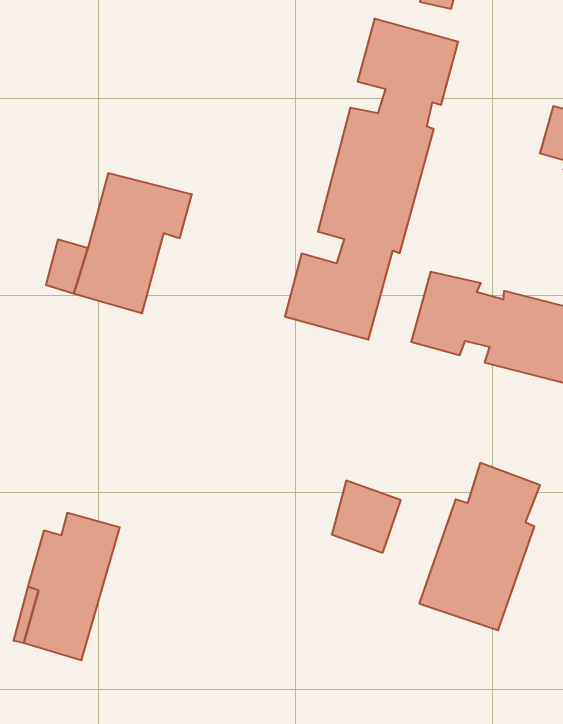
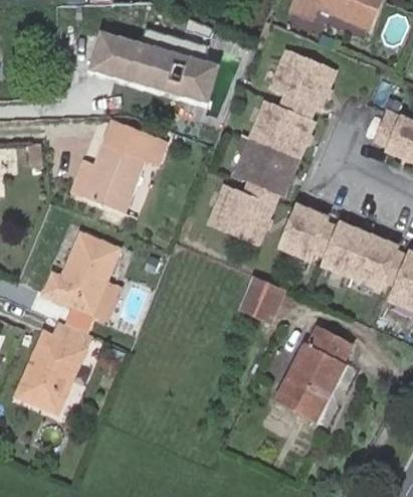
building: none -> [99,31,232,104]
building: none -> [35,231,118,326]
building: [332,481,401,553] -> [241,273,284,318]

